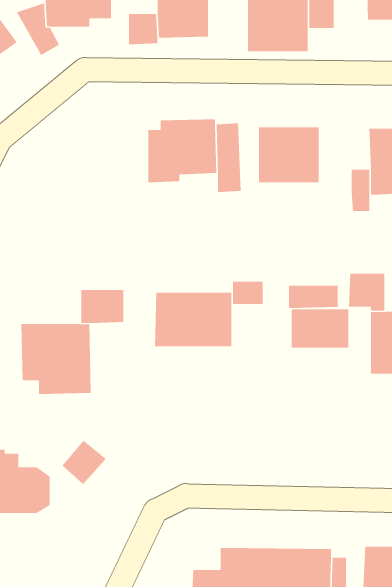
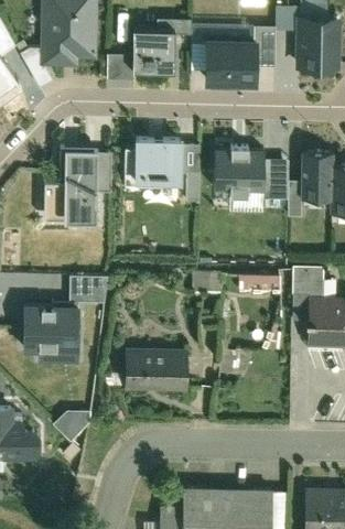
building: none -> [44,151,110,227]
building: none -> [263,160,289,199]
building: [154,292,232,347] -> [118,346,181,390]
building: [291,308,349,349] -> none

